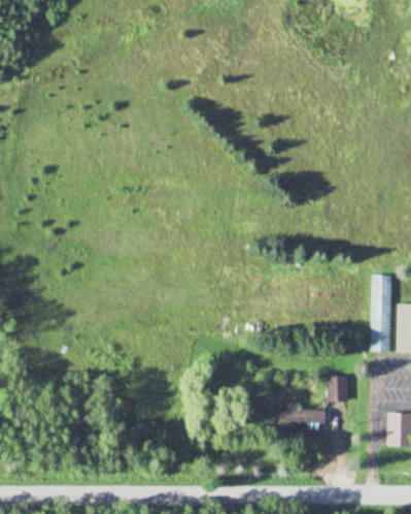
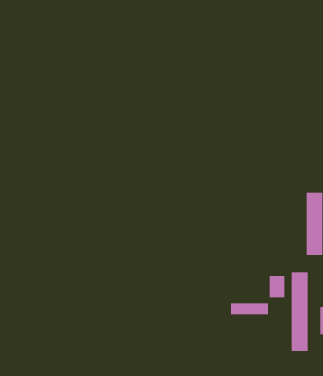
building: none -> [291,271,308,352]

